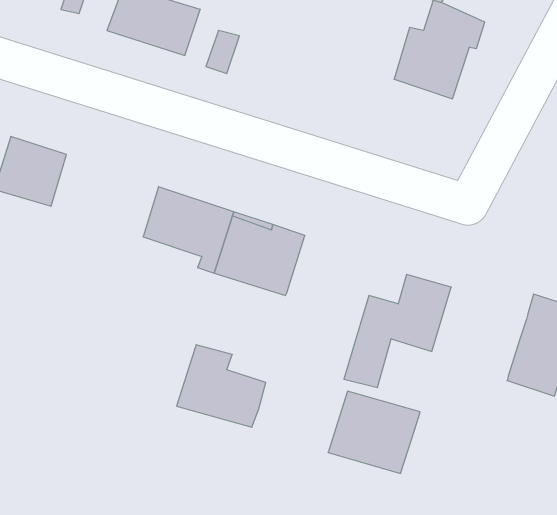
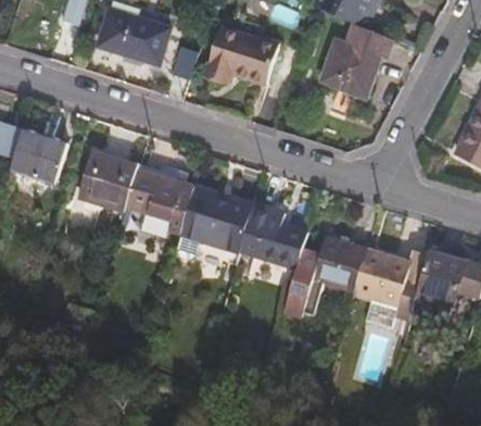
building: none -> [206,27,281,83]
building: none -> [78,151,137,209]
building: [177,345,266,427] -> [237,201,306,265]
building: [328,391,420,473] -> [353,249,425,313]

